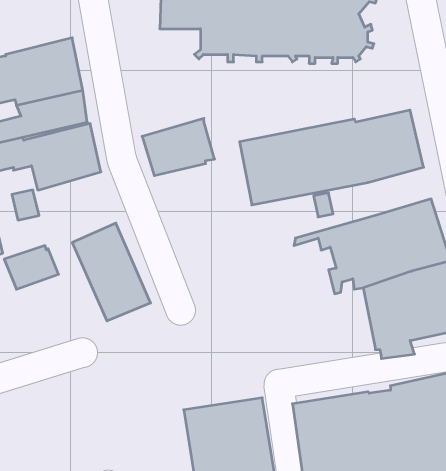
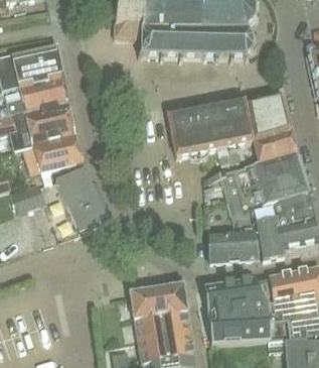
building: [142,118,215,176] -> [33,133,82,171]
building: none -> [253,130,295,162]
building: none -> [209,205,258,262]

